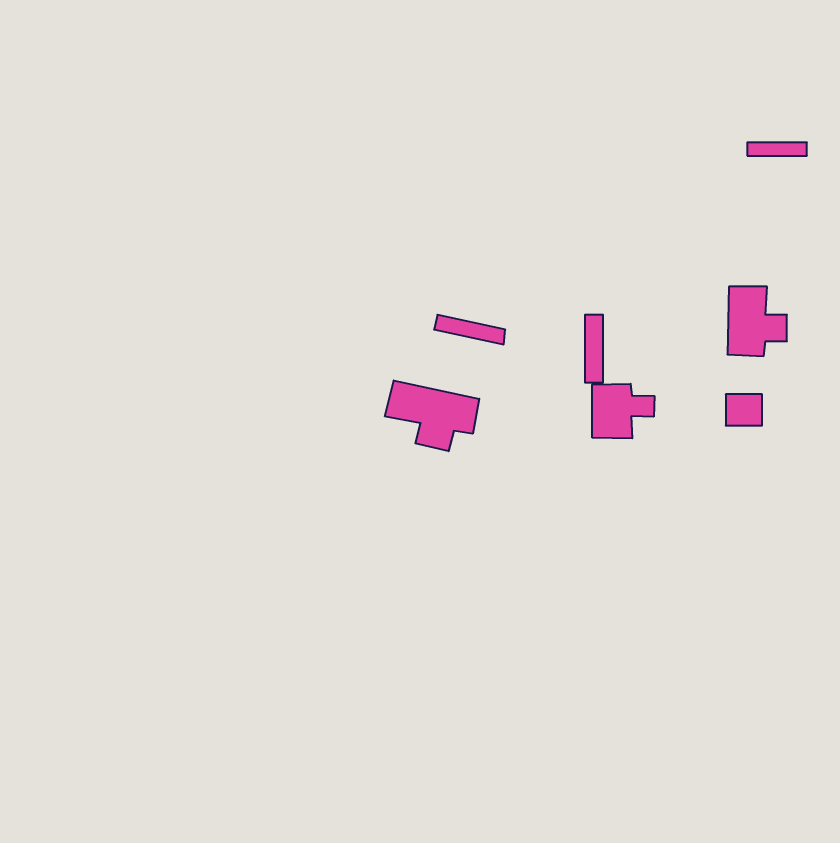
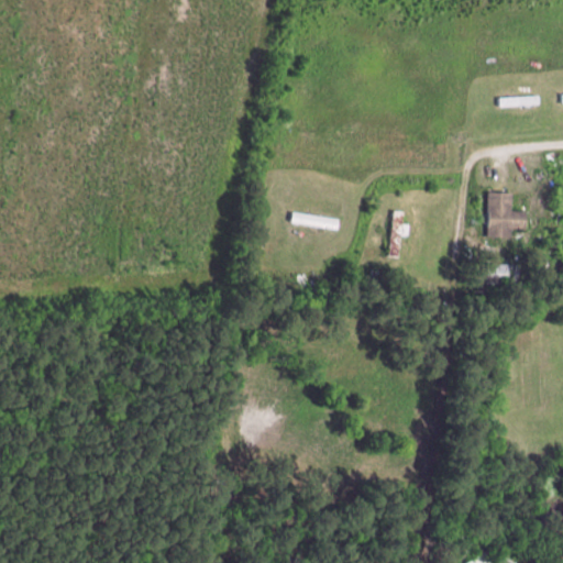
building: [385,380,479,451] -> none
building: [592,384,654,438] -> none

